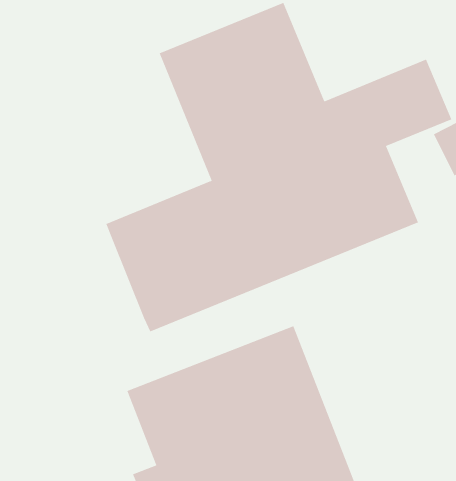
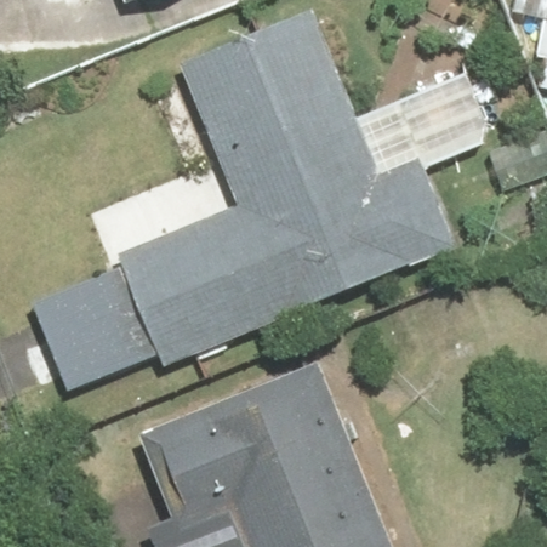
building: none -> [32,266,158,389]

